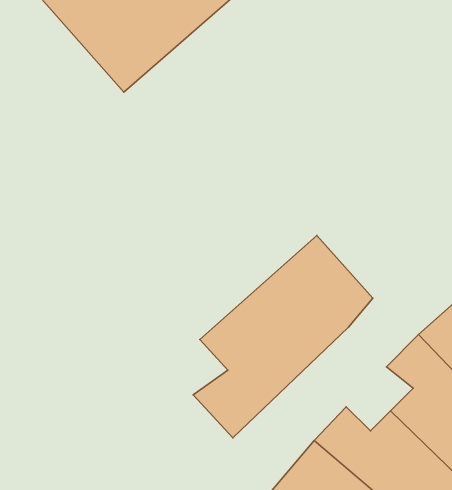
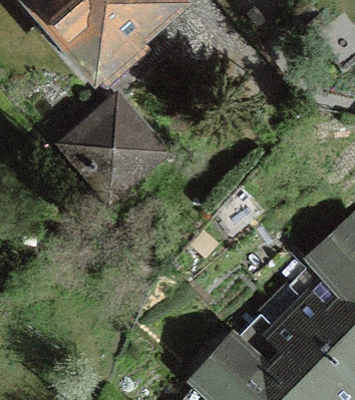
building: none -> [69,104,158,193]
building: [193,236,373,438] -> none

